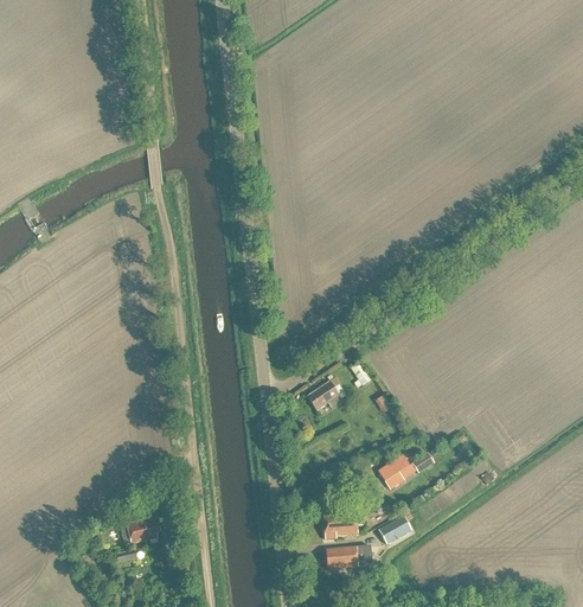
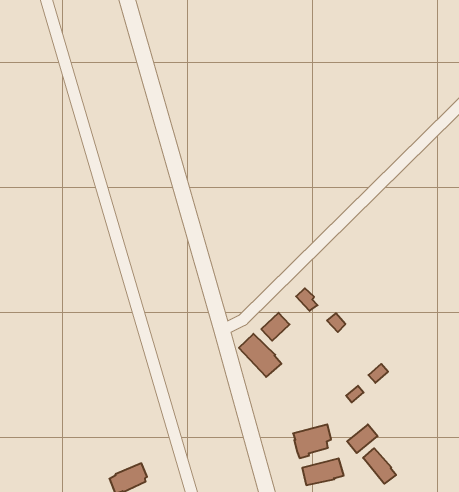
building: none -> [239,334,281,377]
building: none -> [363,448,396,484]

